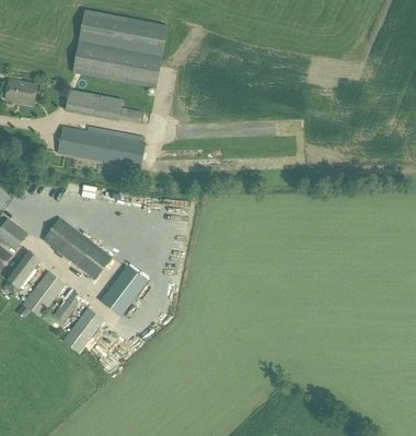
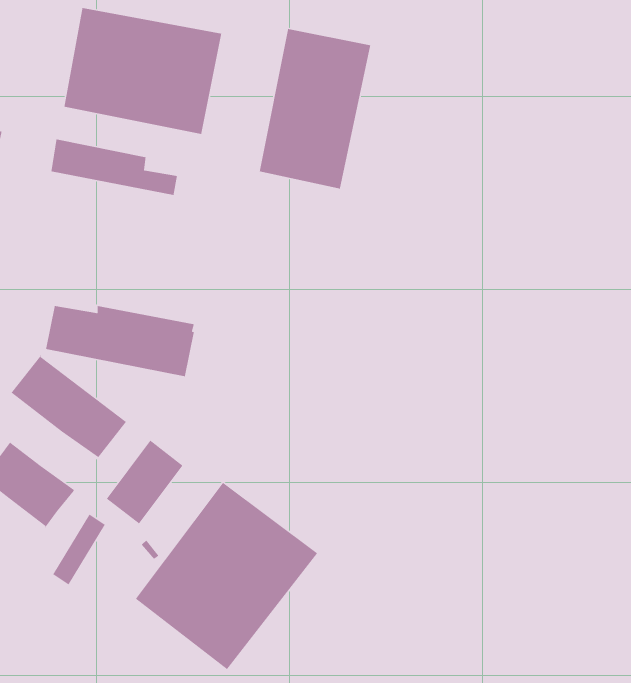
building: none -> [259,28,371,190]
building: [57,126,146,168] -> [45,305,195,377]
building: none -> [135,482,318,670]

